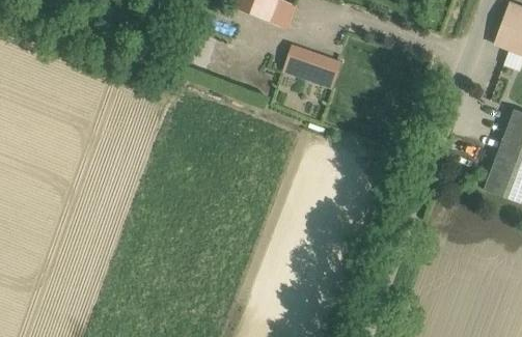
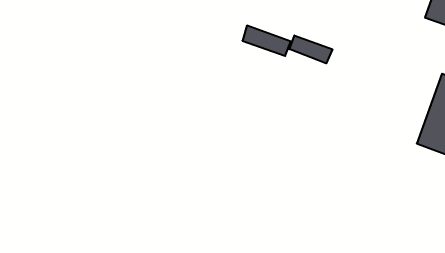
building: none -> [289,35,332,63]

